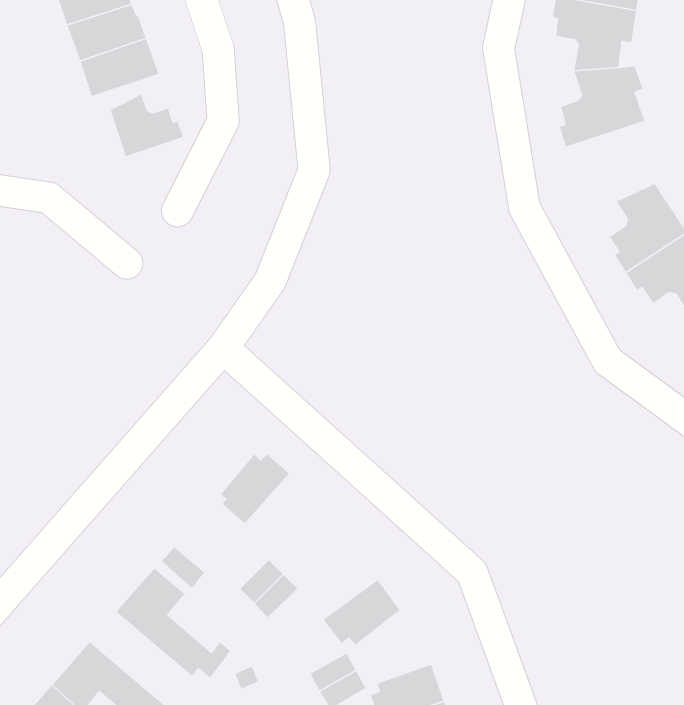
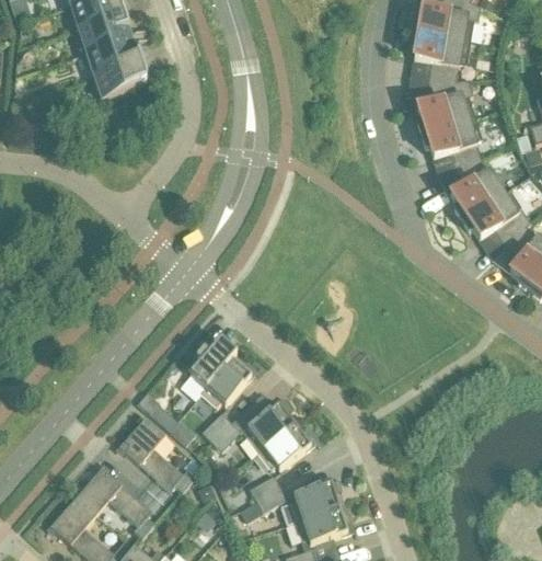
building: [110,93,184,157] -> none
building: none -> [420,115,481,169]
building: none -> [200,352,251,404]
building: none -> [245,402,295,450]

